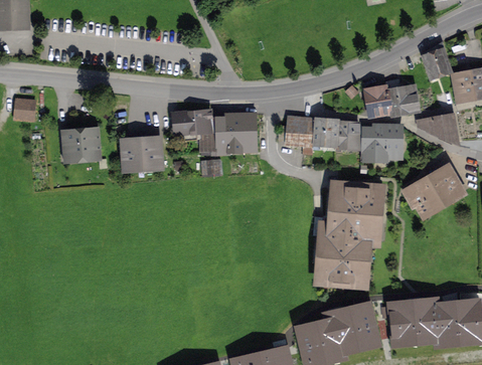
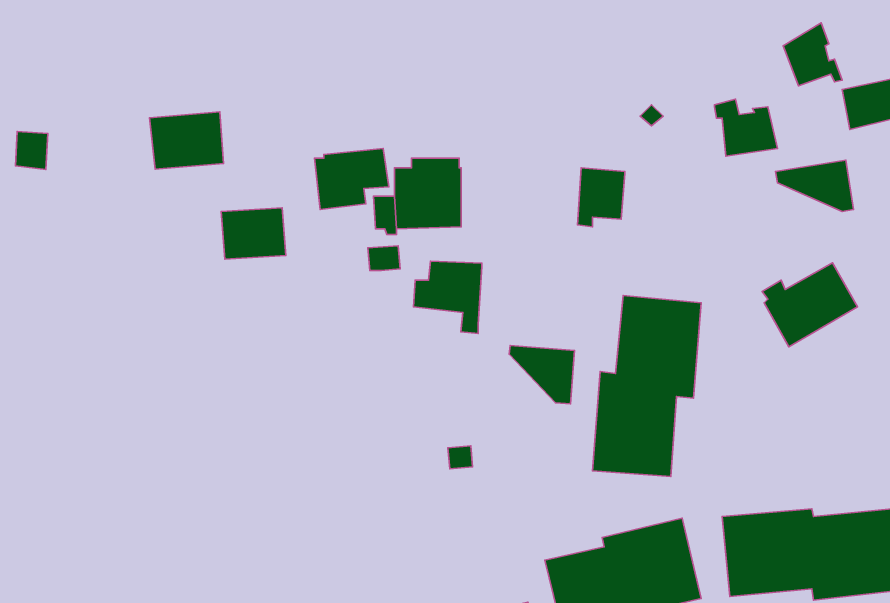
building: [367,86,391,116] -> none
building: [279,116,315,154] -> [413,261,482,334]
building: [336,122,359,148] -> none
building: [364,127,398,160] -> none
building: [61,128,101,158] -> [149,112,224,169]
building: none -> [509,346,575,404]

